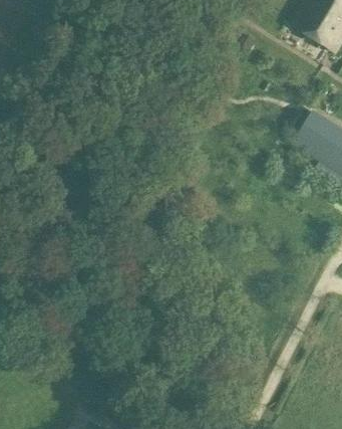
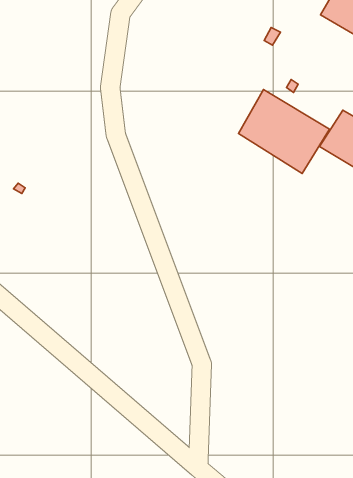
building: none -> [239,89,330,174]

